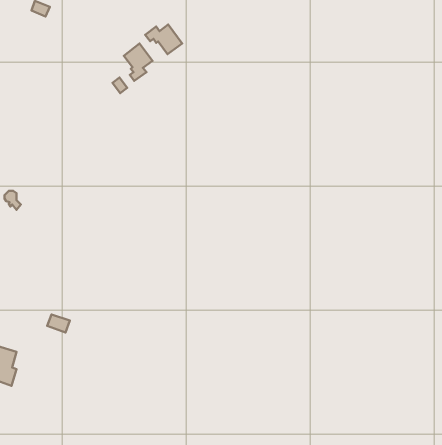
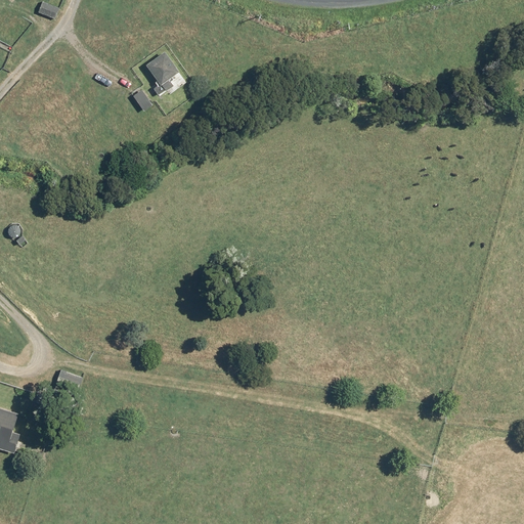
building: [145,25,182,54] -> none

